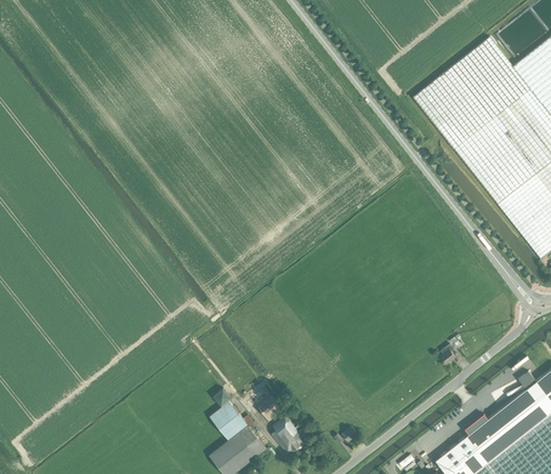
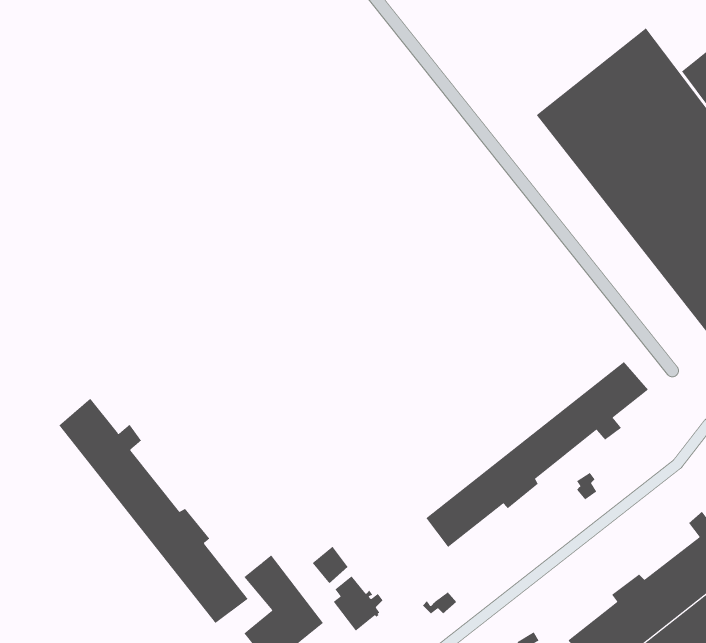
building: none -> [425,361,649,548]
building: none -> [59,398,249,624]

